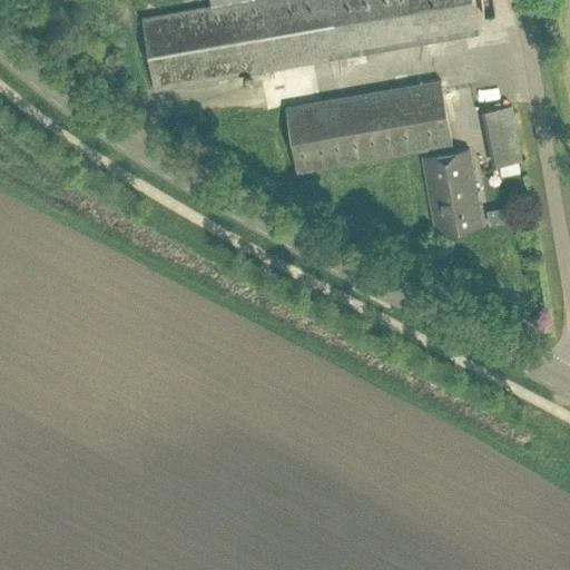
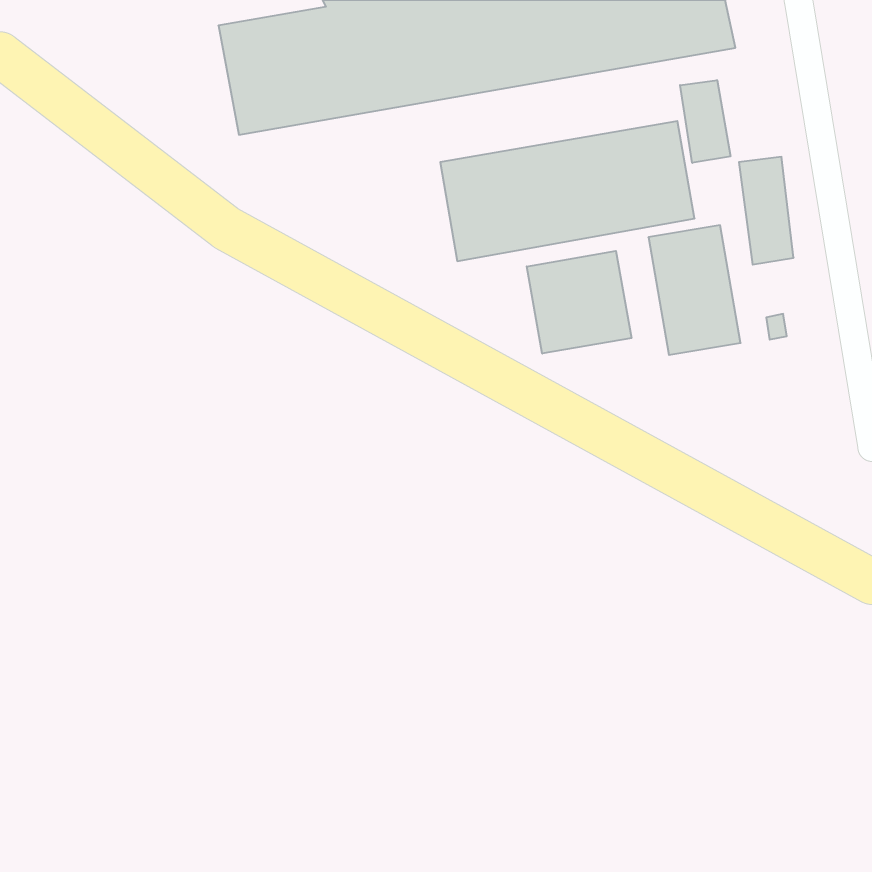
building: none -> [680,80,730,163]
building: none -> [527,251,631,354]

